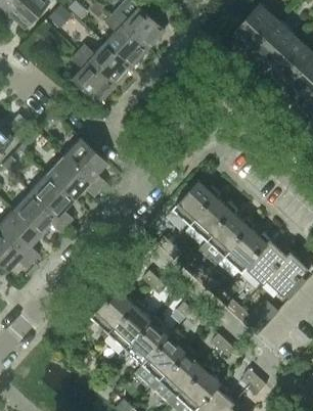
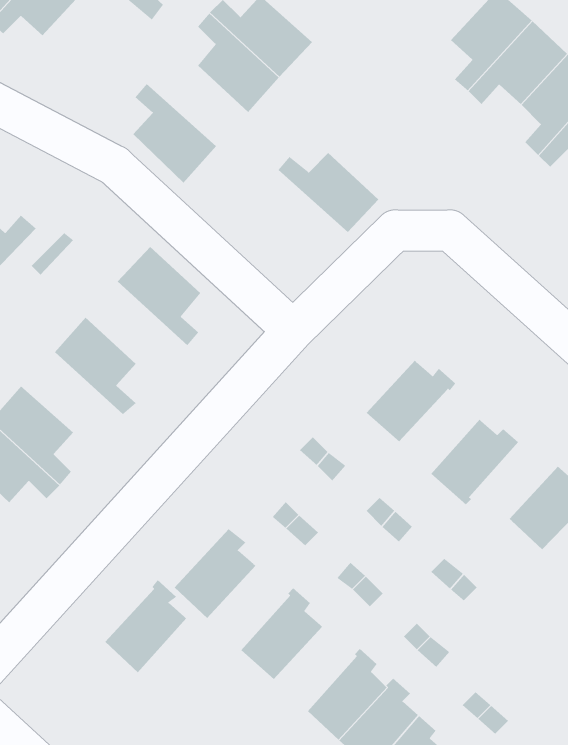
building: [77,44,130,86] -> [277,152,379,233]
building: [45,156,98,199] -> none
building: [174,181,221,225] -> none
building: [11,193,64,235] -> none
building: [209,213,256,257] -> none
building: [245,240,292,285] -> none
building: [108,300,151,349] -> [104,579,187,673]
building: [143,331,186,380] -> none

